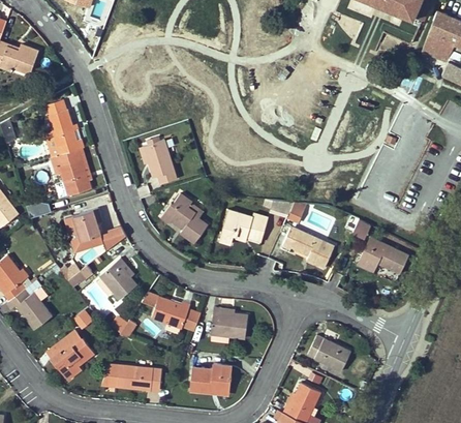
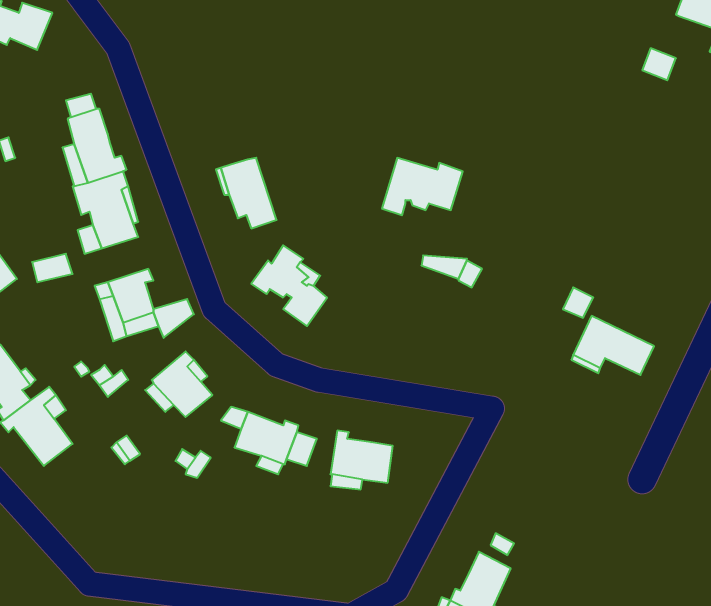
building: [218,209,268,244] -> [382,158,463,215]
building: [281,226,334,268] -> none
building: [45,330,93,380] -> none
building: [307,335,350,371] -> none
building: [101,364,161,391] -> none
building: [189,364,230,392] -> none

